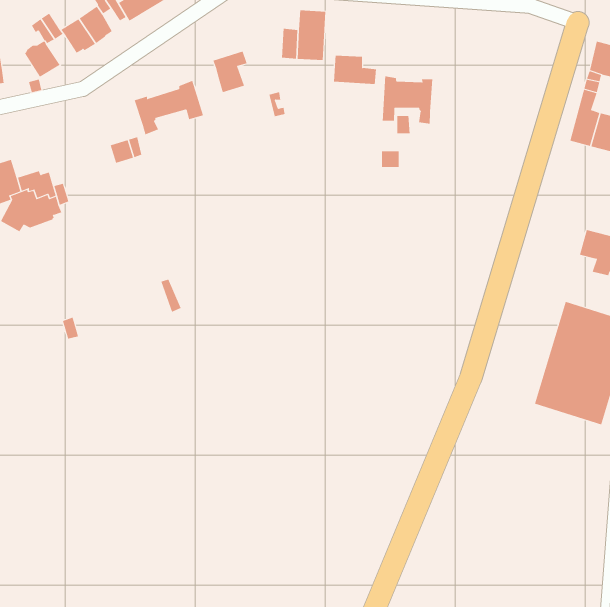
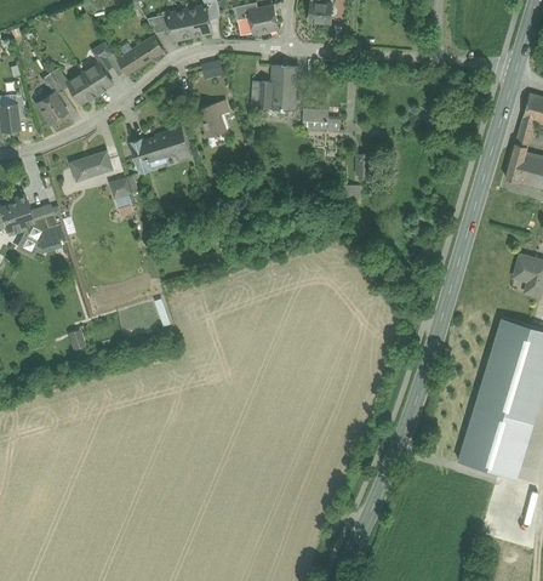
building: [382,76,433,125] -> none
building: none -> [69,150,112,181]
building: none -> [458,405,533,478]

